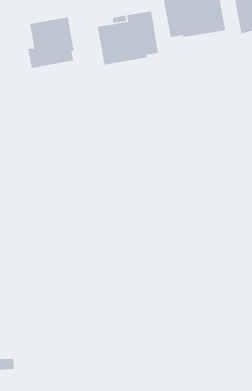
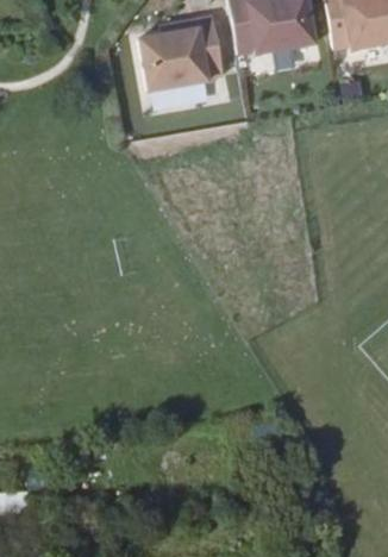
building: [27,17,75,69] -> none

